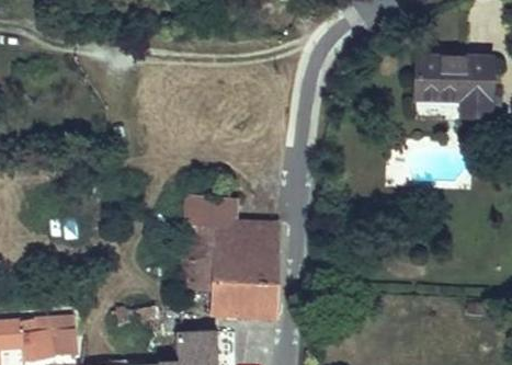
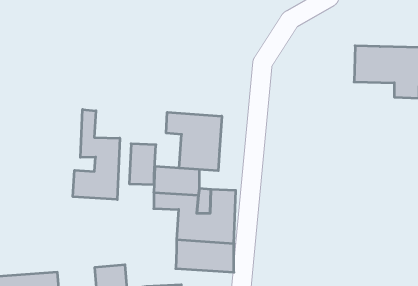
building: none -> [73,109,120,200]
building: none -> [166,112,222,171]
building: [183,242,214,289] -> [129,144,156,185]

